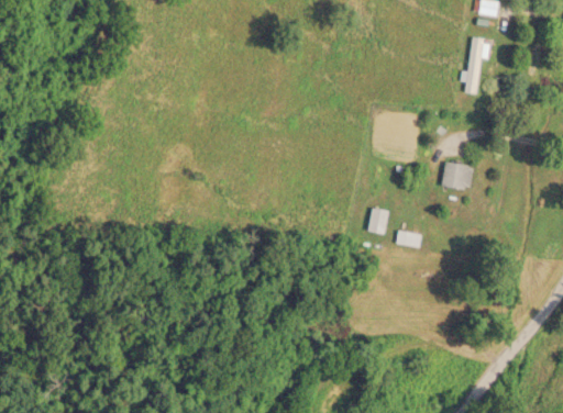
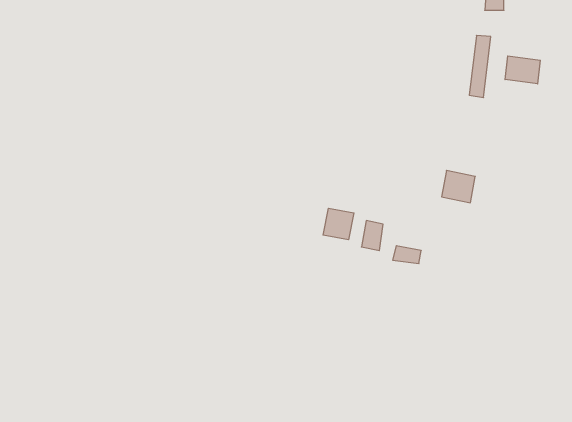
building: none -> [505,56,540,84]
building: none -> [323,208,354,240]

